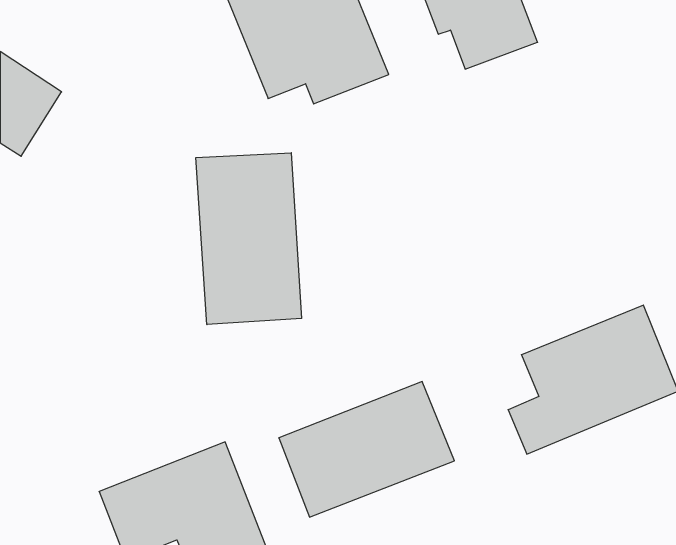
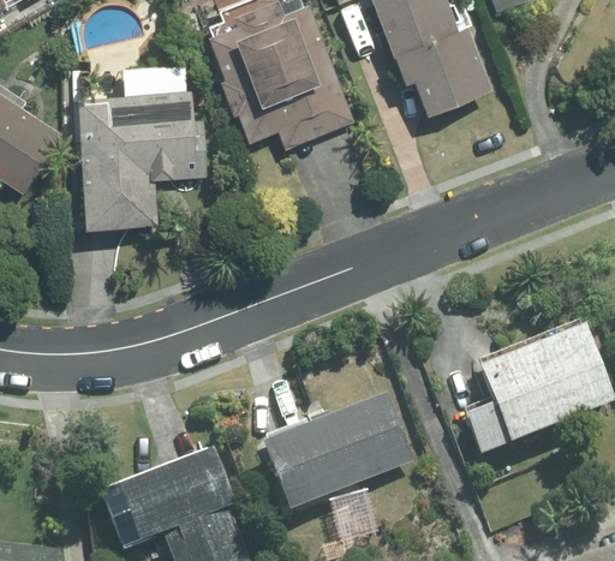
building: none -> [73,88,205,225]
building: [196,153,302,325] -> none

